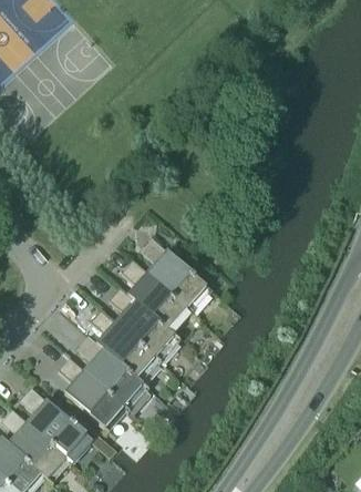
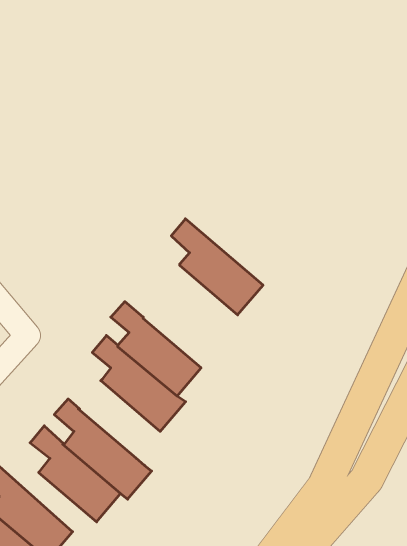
building: [138,237,210,312] -> [171,219,263,315]
building: [87,309,158,383] -> none

